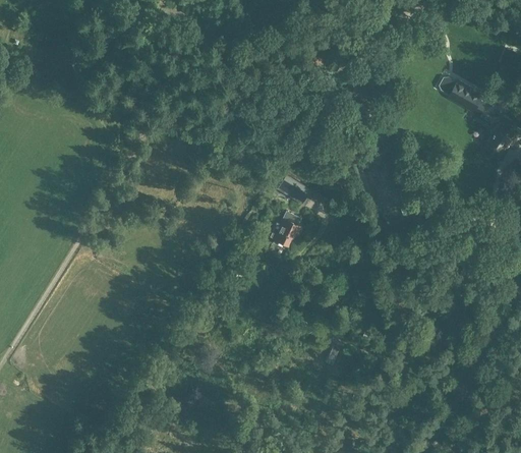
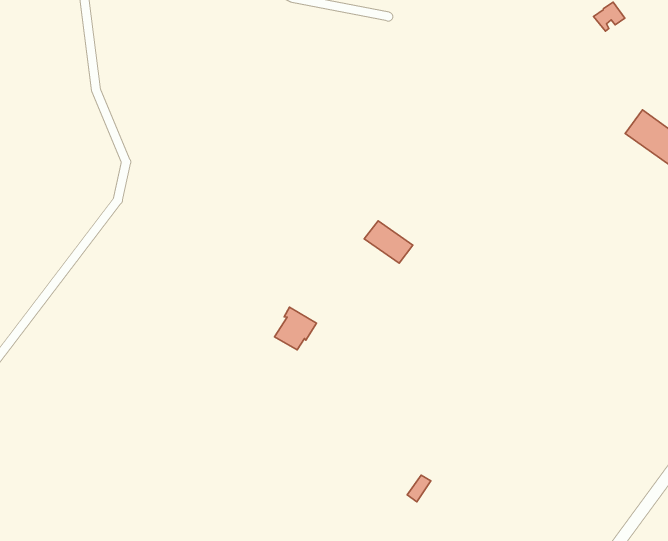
building: [272,216,299,244] -> [275,307,316,350]

